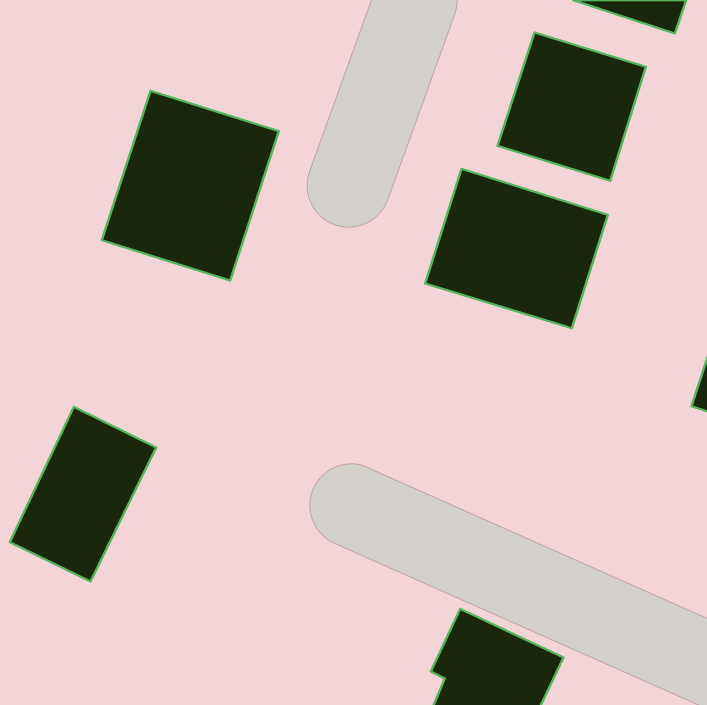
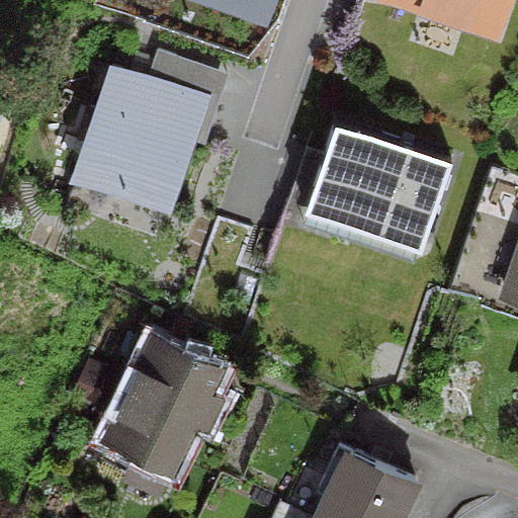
building: [497,32,646,181] -> none
building: [10,407,156,581] -> [107,343,213,469]

